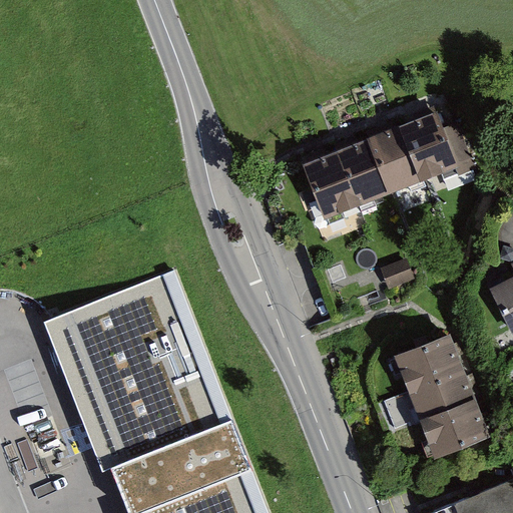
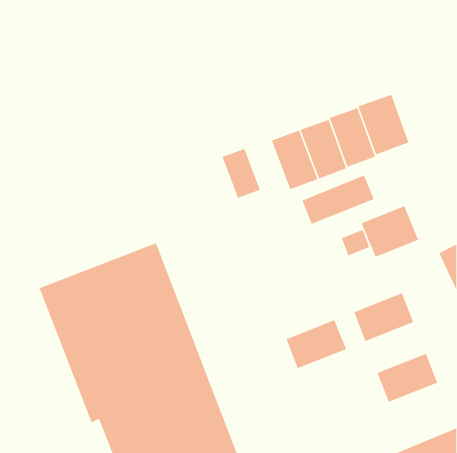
building: none -> [222,148,261,199]
building: none -> [301,175,375,225]
building: none -> [361,205,419,258]
building: [409,366,478,422] -> [286,319,347,369]

